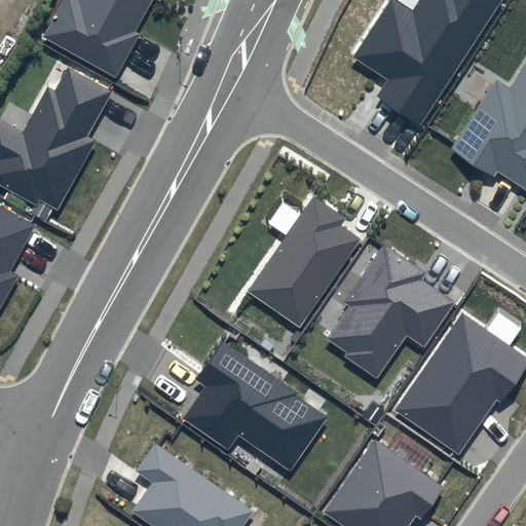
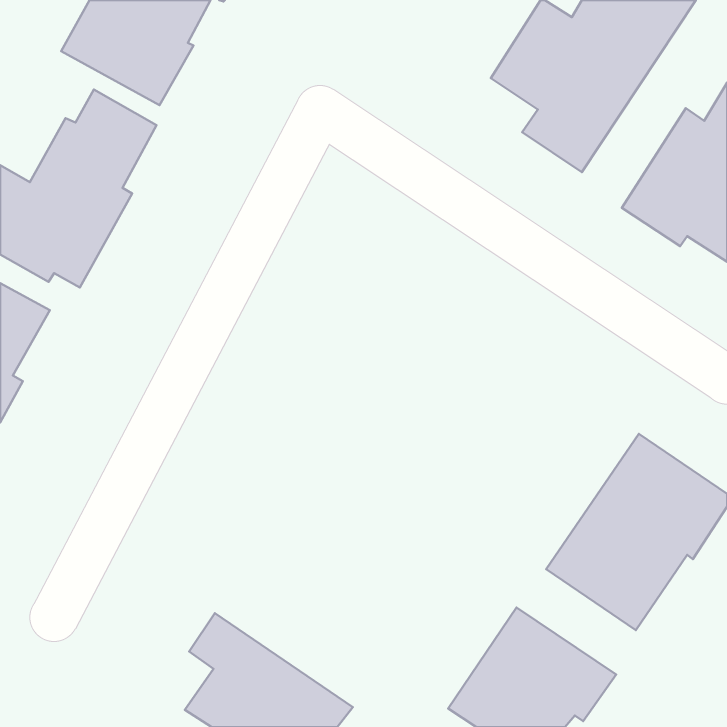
building: [249,196,361,327] -> none
building: [327,245,455,379] -> none
building: [183,340,327,469] -> none

